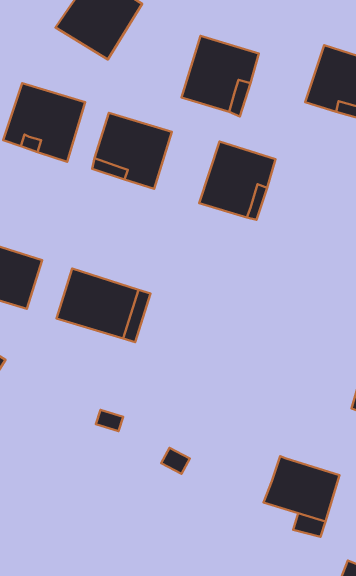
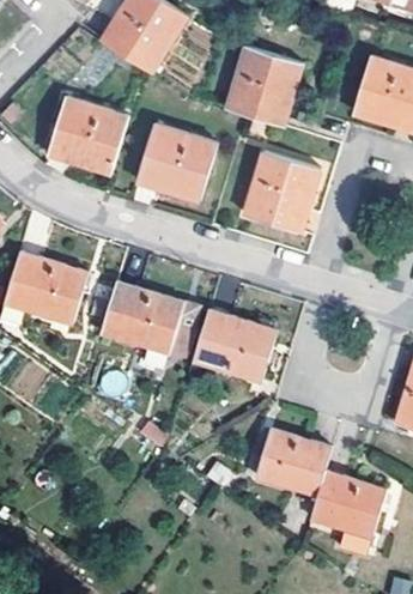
building: none -> [193,310,278,383]
building: none -> [259,429,333,496]

